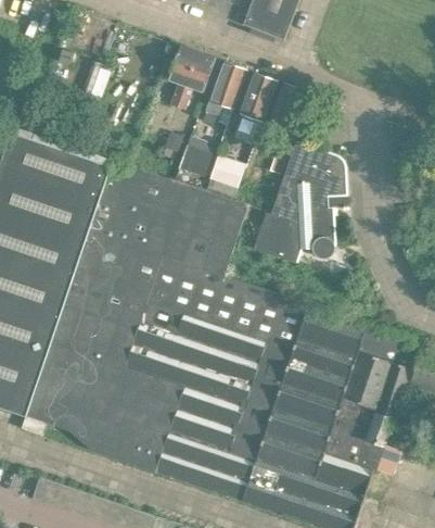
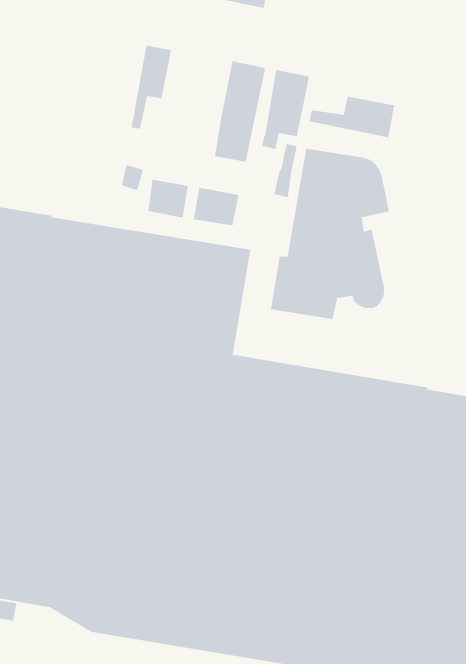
building: [168,47,197,108] -> none
building: [206,62,247,115] -> none
building: none -> [309,96,395,138]

